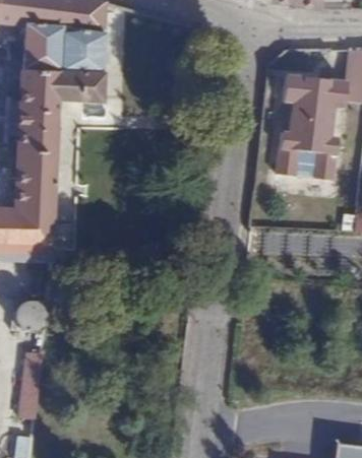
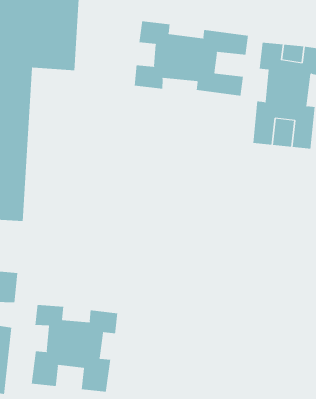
building: none -> [134,20,248,96]
building: none -> [31,304,118,393]

